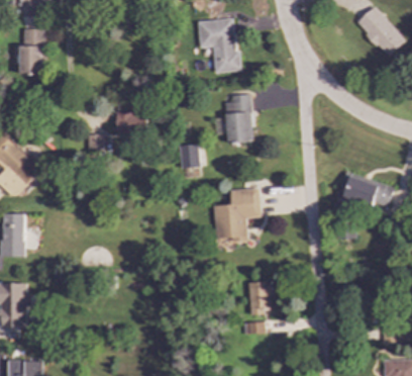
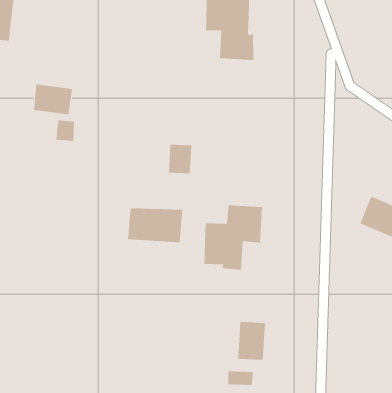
building: [226,94,252,142] -> none
building: [116,111,146,133] -> [33,84,73,115]
building: none -> [128,208,183,243]

